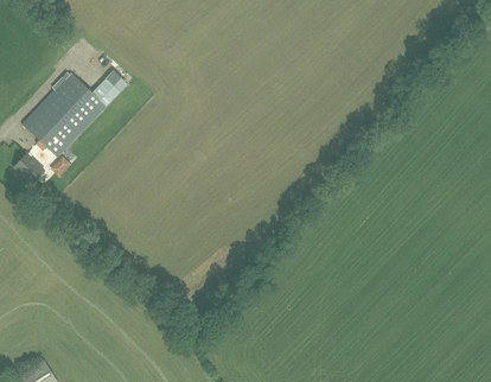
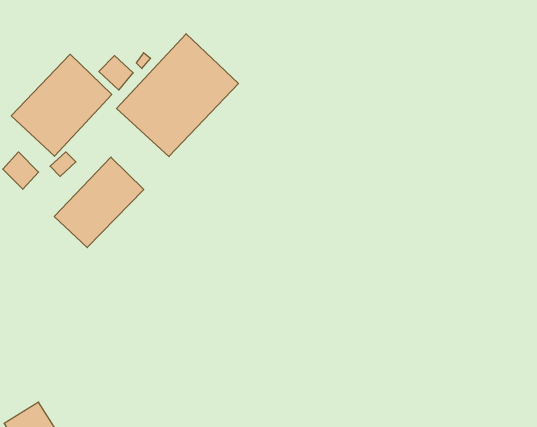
building: none -> [117,34,238,157]
building: none -> [54,157,144,248]

